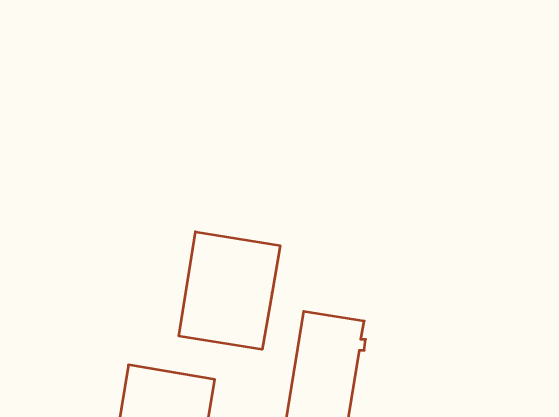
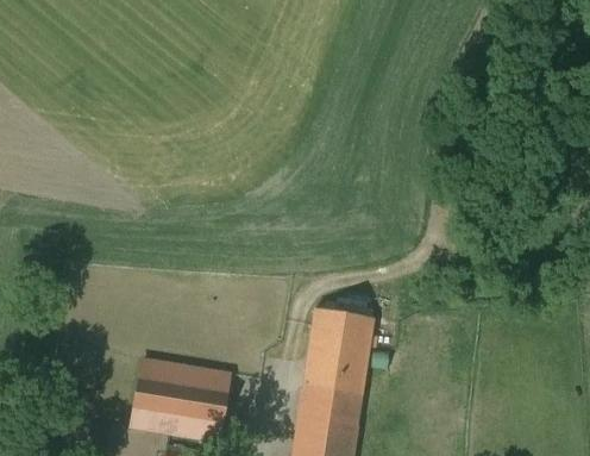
building: [179,232,280,349] -> none

